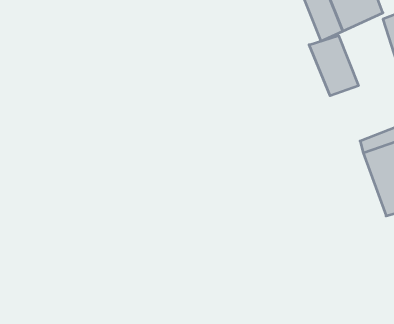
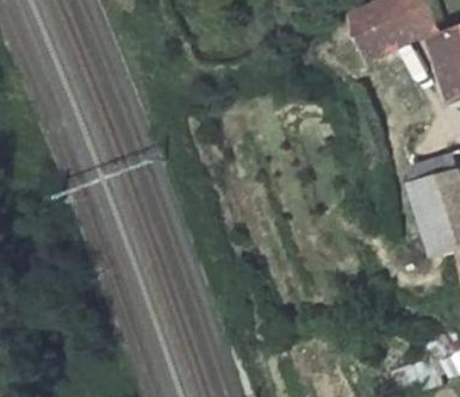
building: [309,36,358,96] -> none

